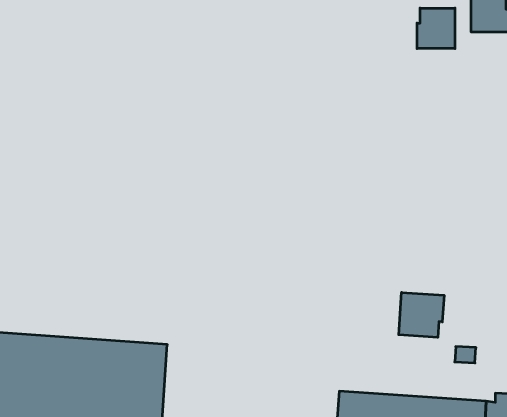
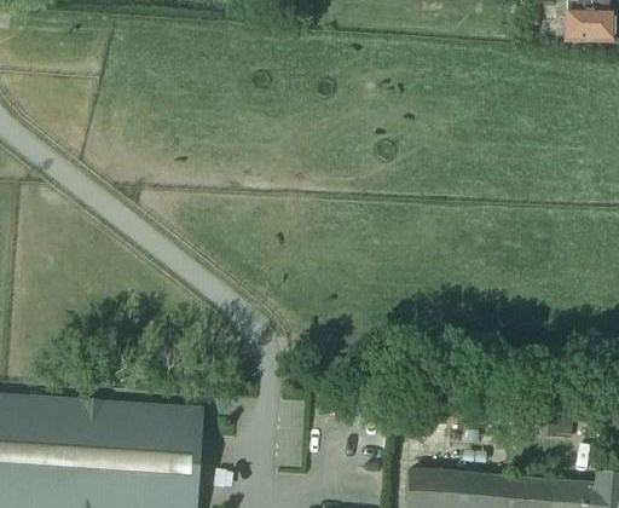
building: [417,8,455,49] -> none
building: [399,292,444,337] -> none

